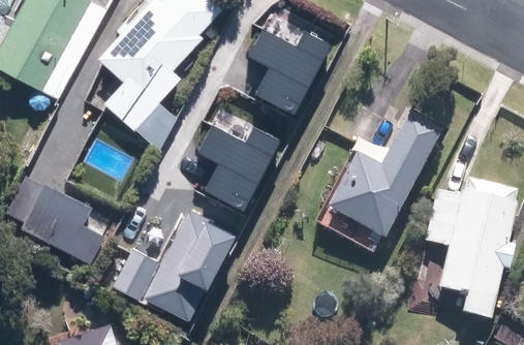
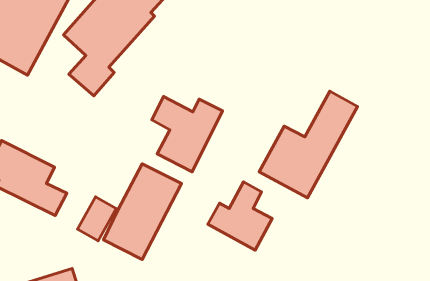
building: [251,28,334,115] -> none
building: [426,186,517,323] -> none
building: none -> [208,182,272,250]

